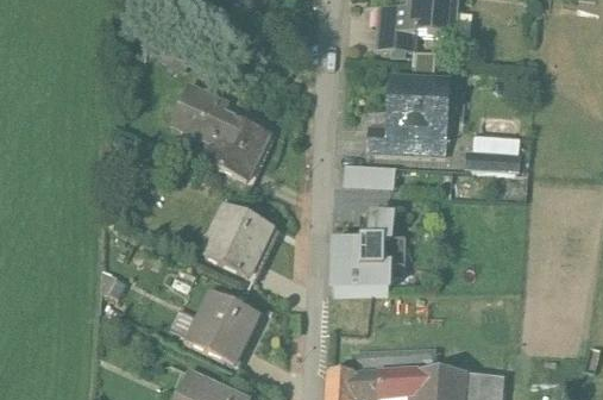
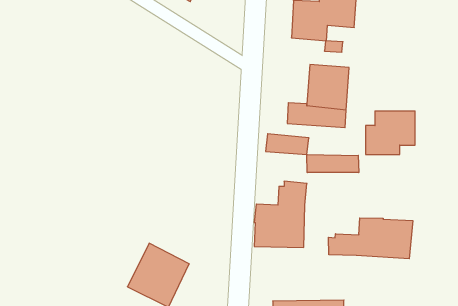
building: [172,85,270,177] -> none
building: none -> [307,154,359,173]
building: [202,202,274,275] -> none
building: none -> [329,218,413,259]

